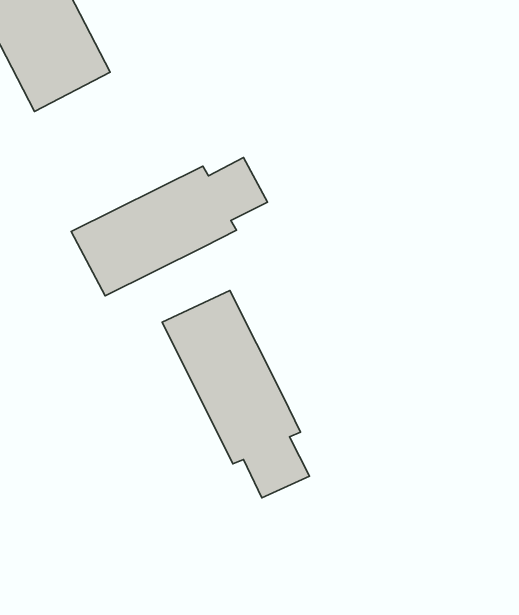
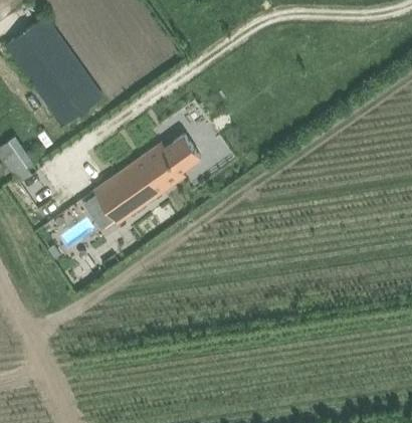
building: [162,290,310,498] -> none

